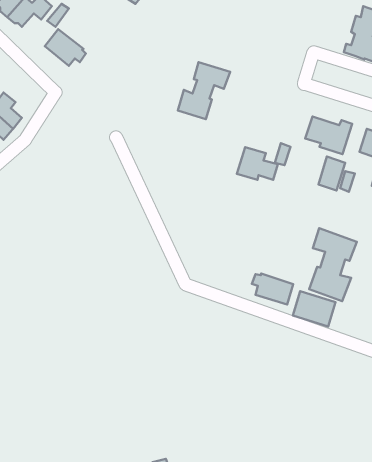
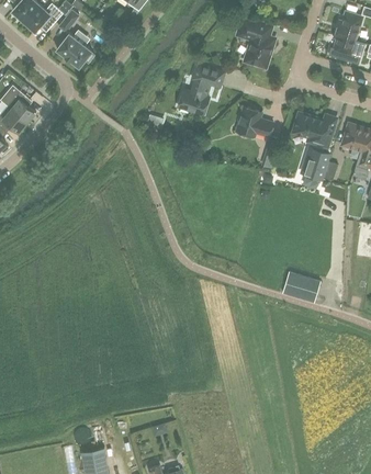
building: none -> [237,16,276,67]
building: [237,147,278,180] -> [236,106,273,136]
building: [309,228,357,301] -> none
building: [252,274,293,304] -> none

